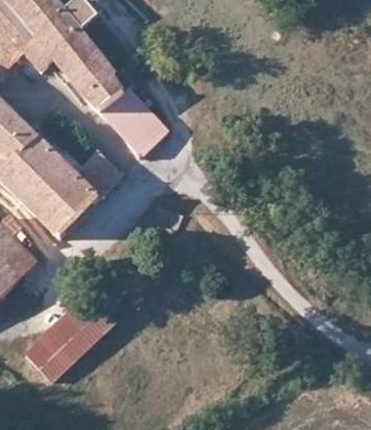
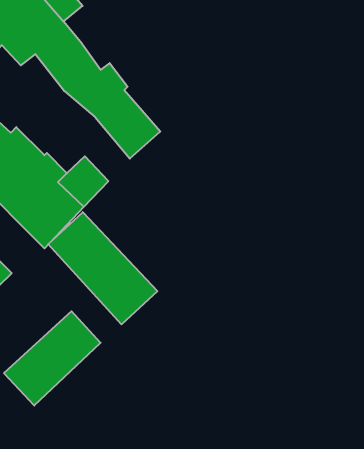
building: none -> [48,212,157,324]

